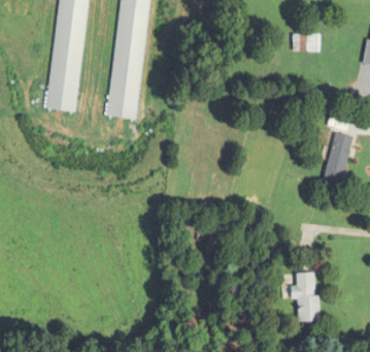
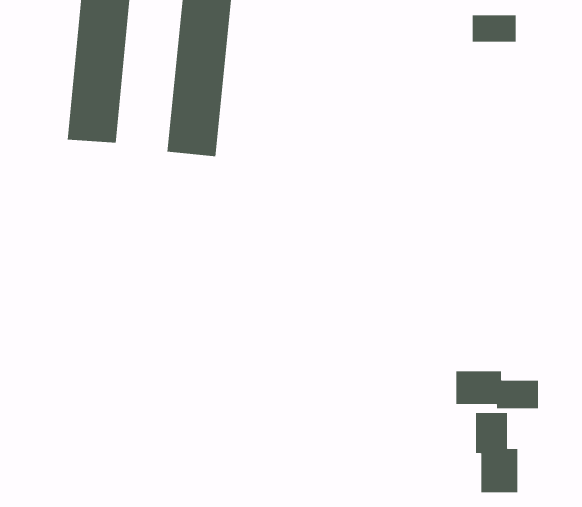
building: [322,131,352,185] -> none
building: none -> [456,371,539,409]

